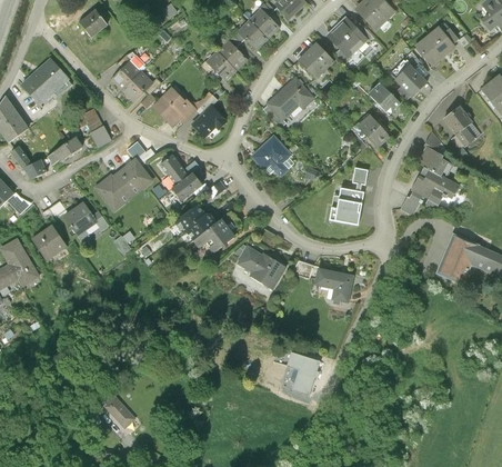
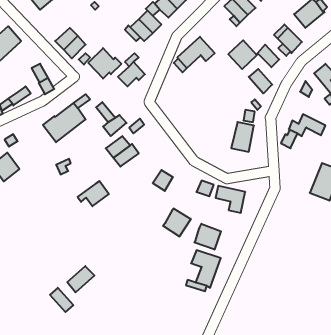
building: [297,41,333,78] -> [228,40,257,69]
building: [251,133,290,166] -> none
building: [416,150,451,178] -> none
building: [62,199,96,231] -> none
building: [194,220,234,252] -> [78,181,109,206]
building: [249,252,284,288] -> [163,209,191,236]
building: none -> [194,224,221,250]
building: none -> [67,266,94,292]

